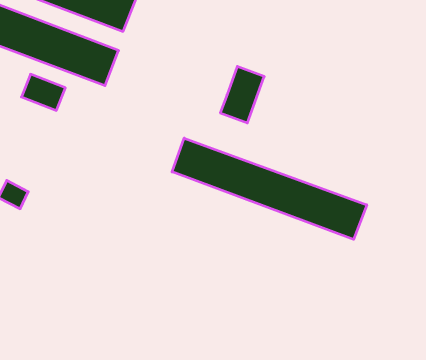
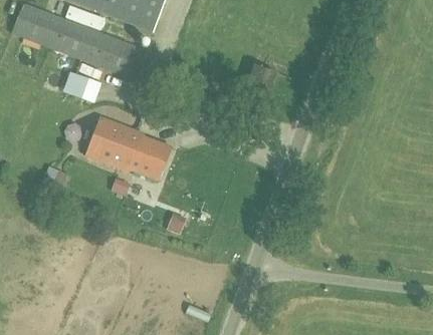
building: none -> [84,115,172,181]
building: [172,138,367,239] -> none

